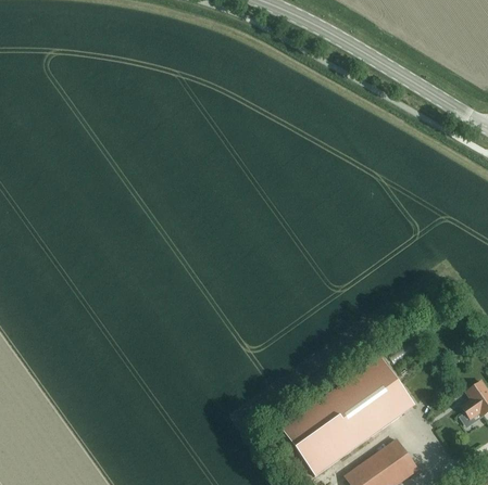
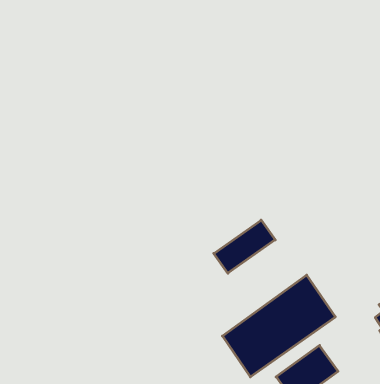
building: none -> [214,220,275,273]

